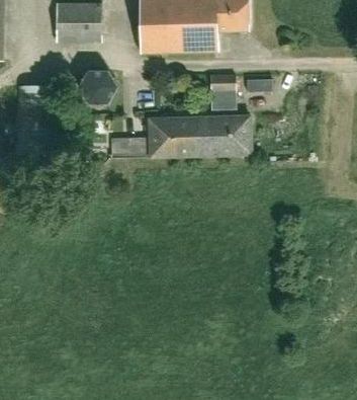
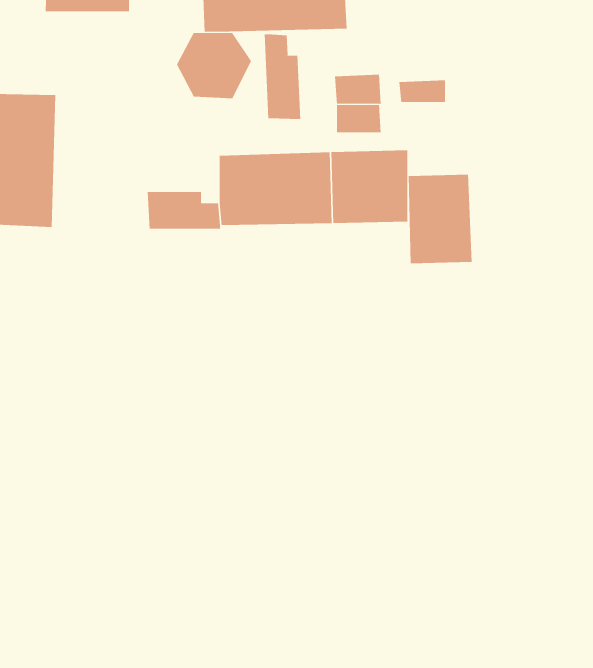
building: none -> [264,34,301,120]
building: [74,73,114,108] -> [176,32,252,99]
building: none -> [408,174,472,264]

